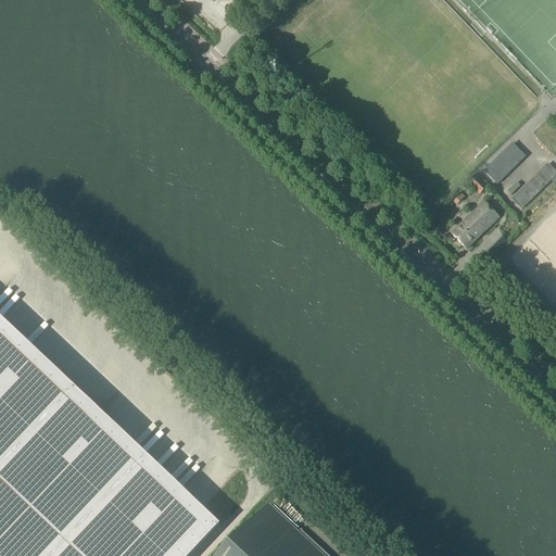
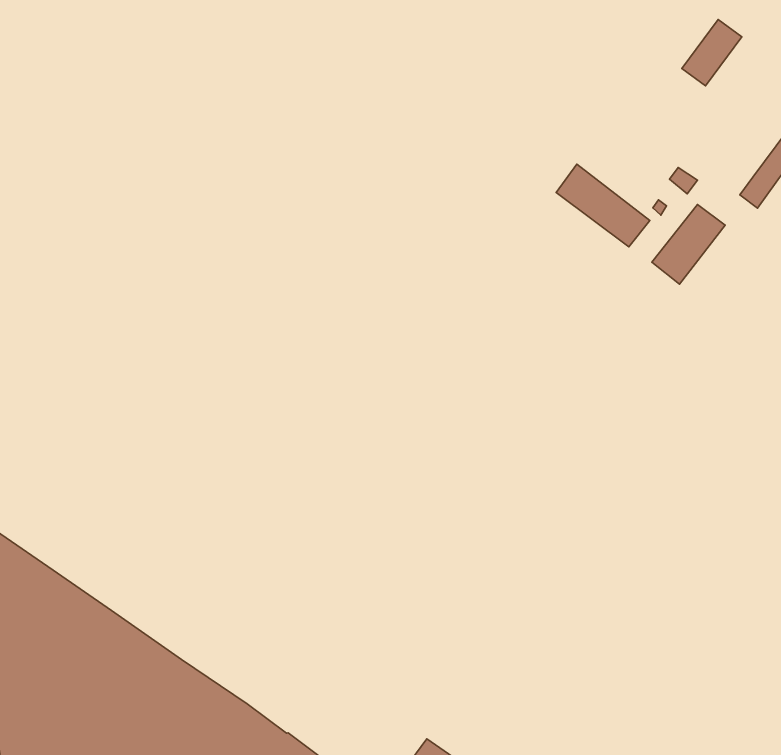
building: [484,143,525,184] -> [682,19,742,86]
building: none -> [556,164,650,247]

